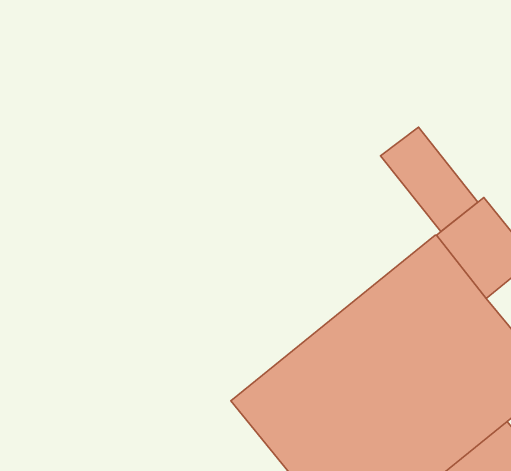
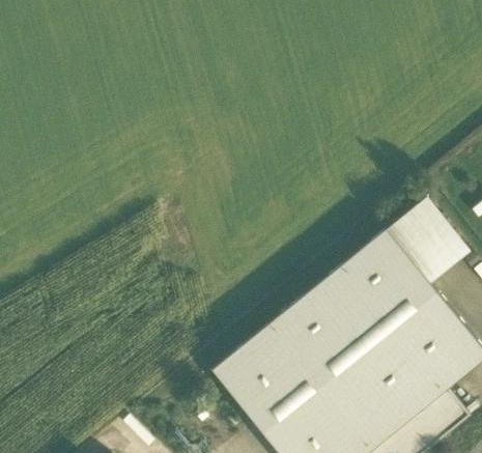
building: [380,127,478,232] -> none

